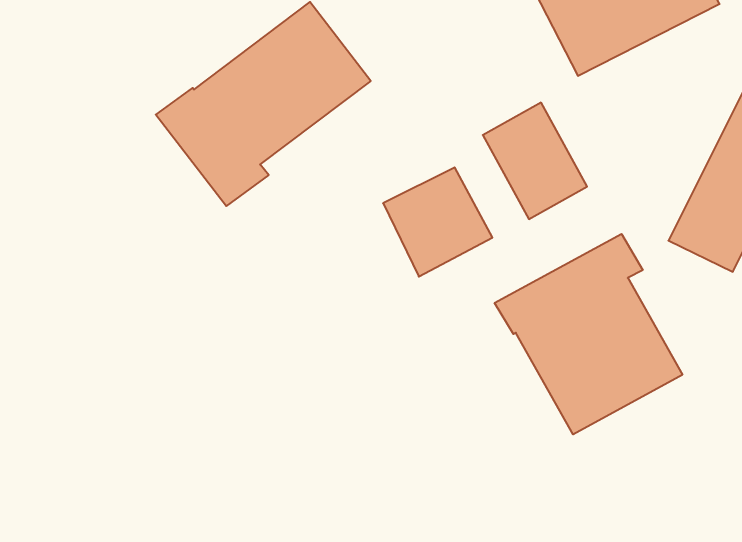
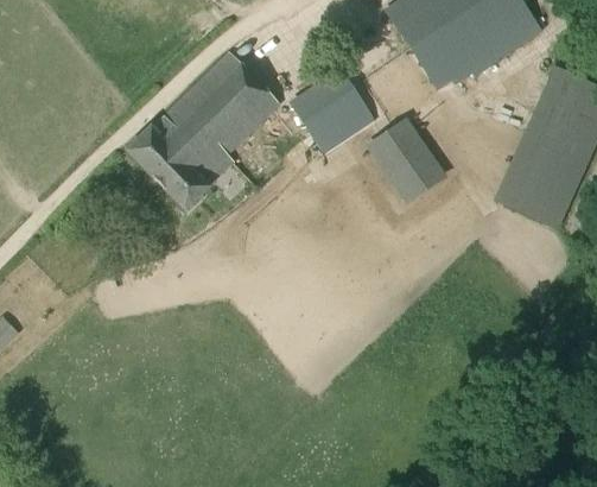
building: [383,167,492,277] -> [292,74,375,157]
building: [495,234,682,434] -> none

